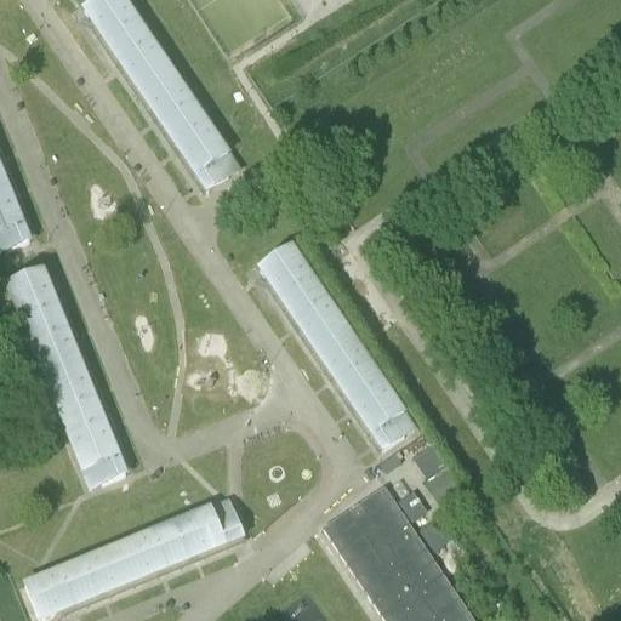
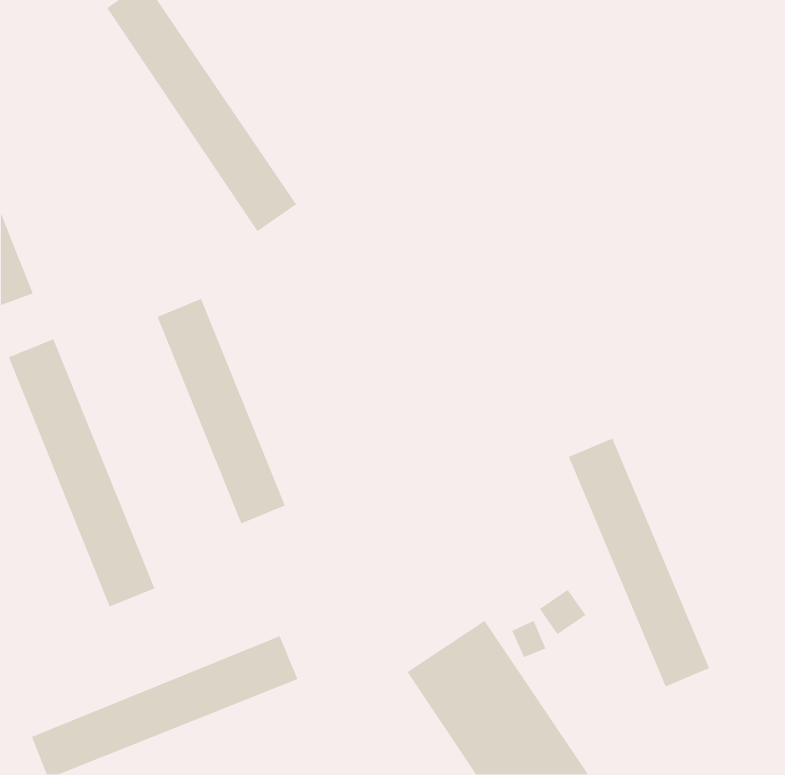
building: none -> [156,298,286,524]
building: [261,244,411,441] -> none
building: none -> [568,437,710,687]

